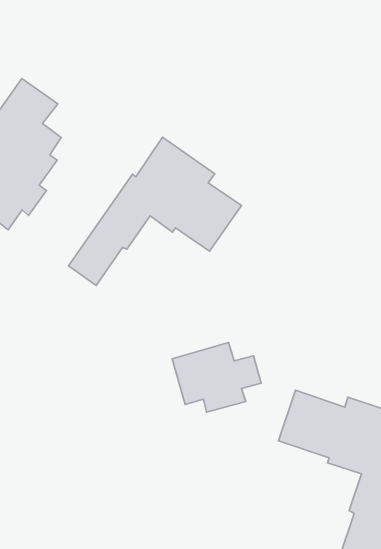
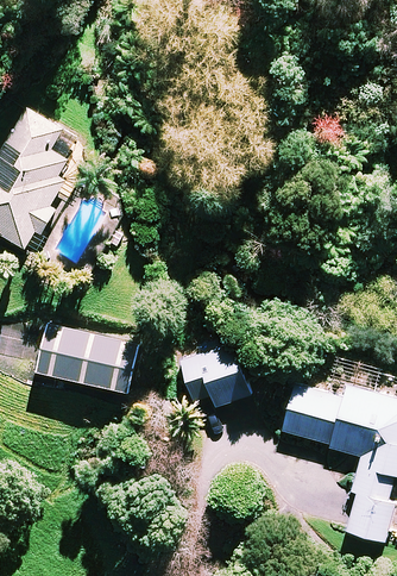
building: [68,137,241,285] -> none
building: none -> [38,324,140,393]

